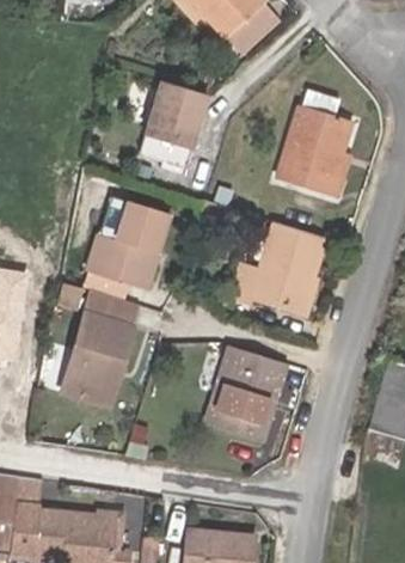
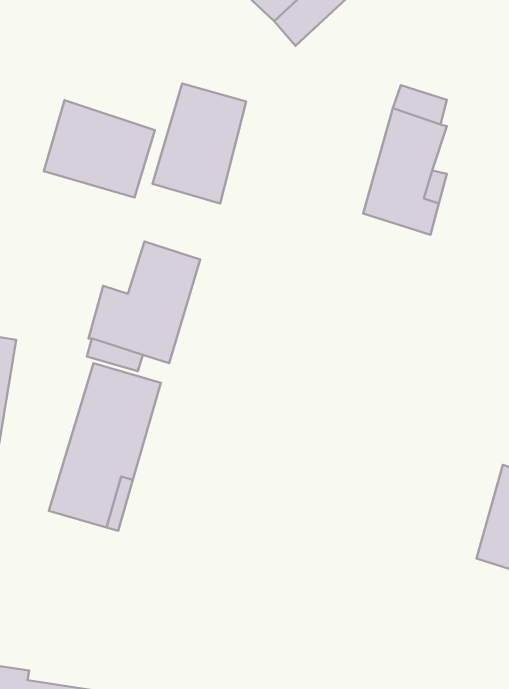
building: none -> [44,100,155,198]
building: [231,216,323,307] -> none
building: [204,338,284,434] -> none

